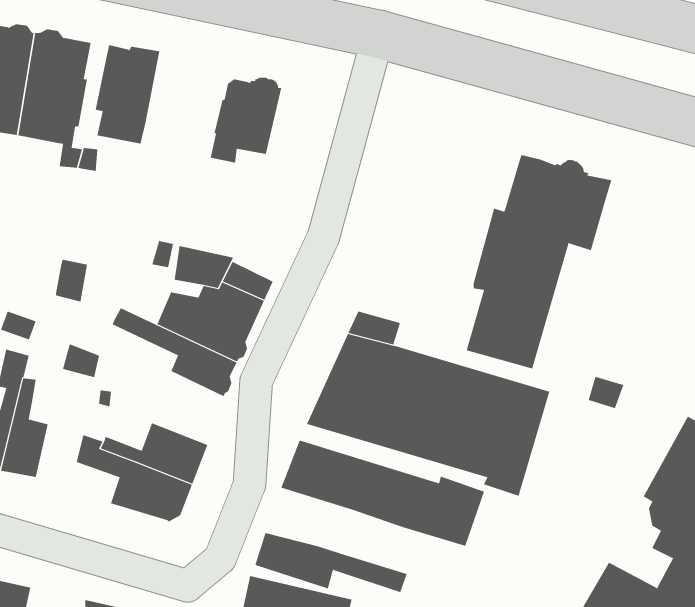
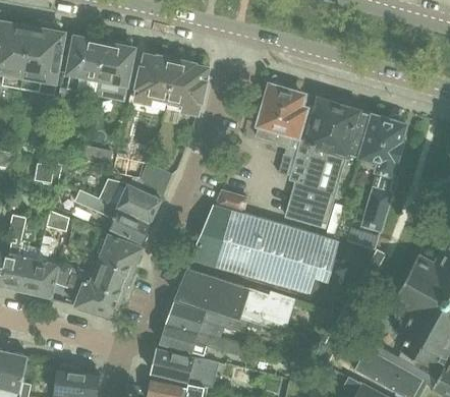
building: none -> [93,39,134,101]
building: none -> [166,58,206,115]
building: none -> [255,83,317,176]
building: none -> [359,115,404,232]
building: none -> [99,234,142,272]
building: none -> [31,236,58,298]
building: none -> [166,302,247,336]

